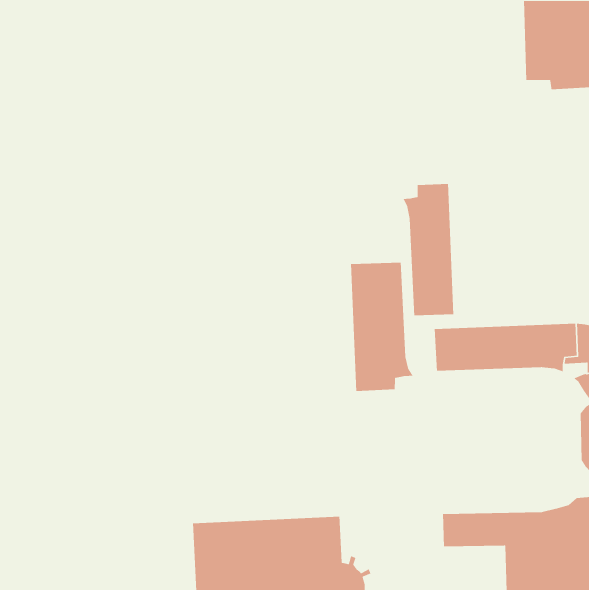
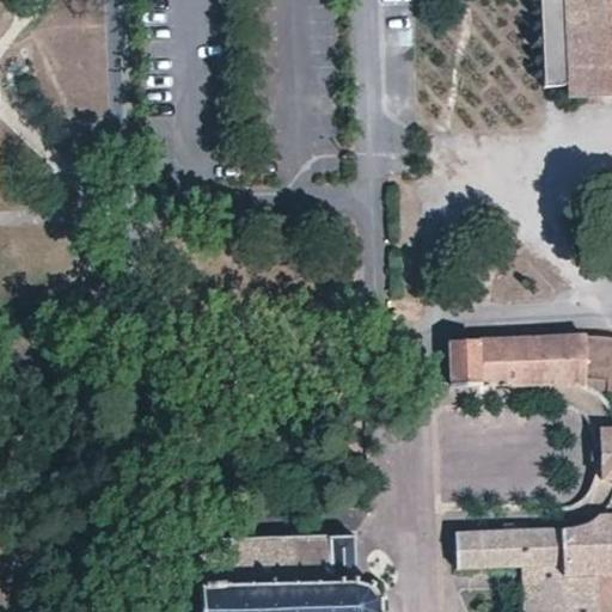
building: [403,183,454,316] -> none
building: [350,262,414,392] -> none

